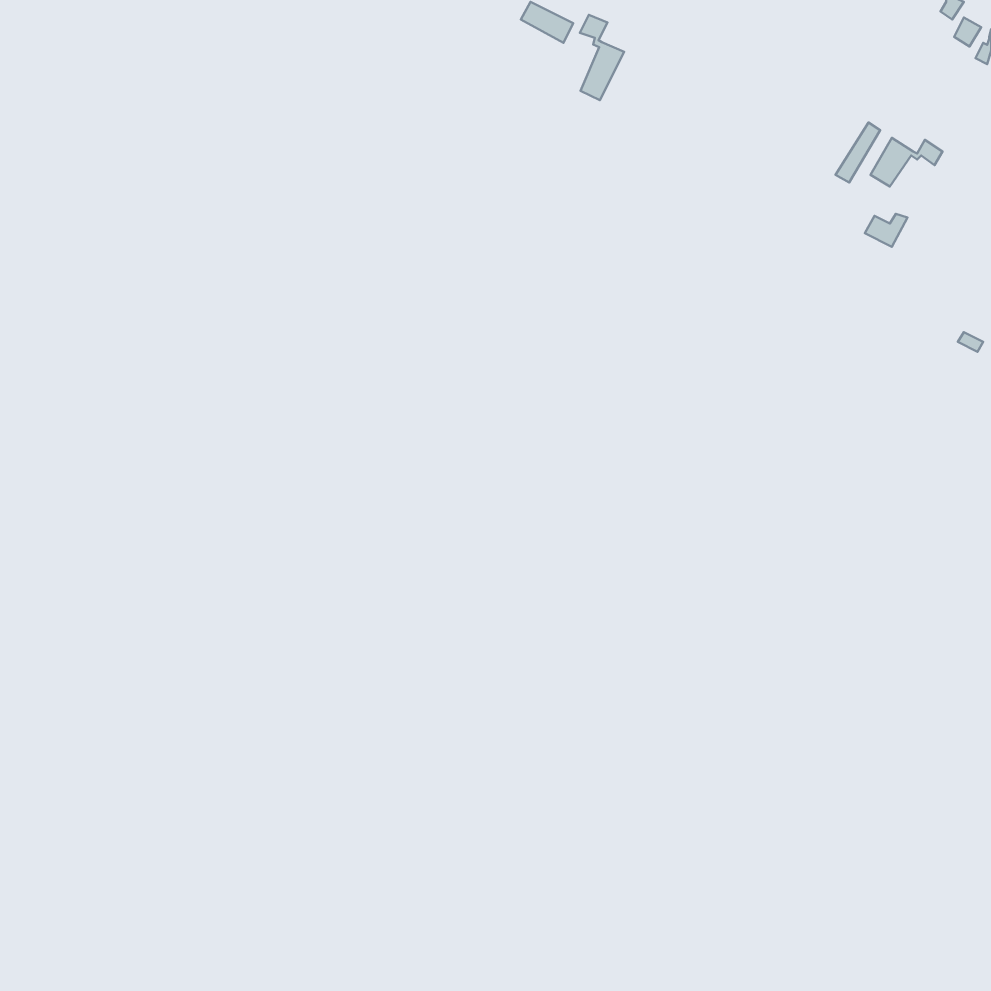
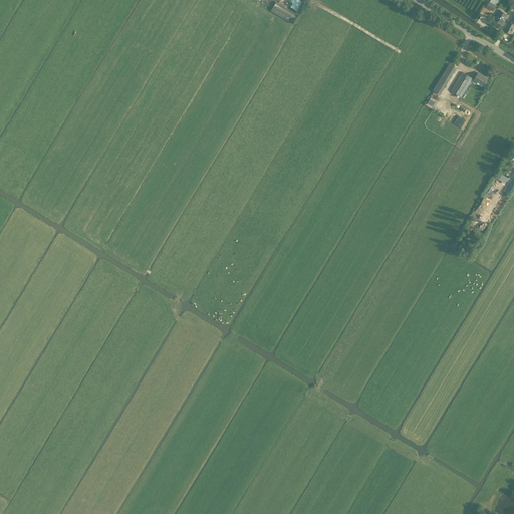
building: [580,15,624,100] -> none

